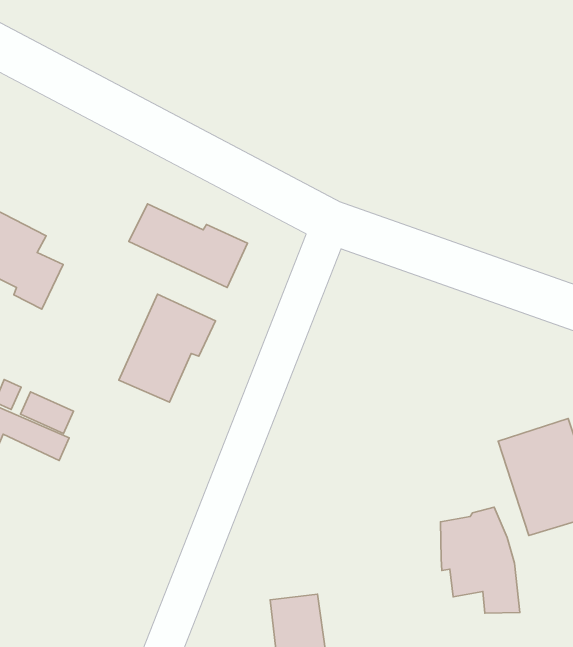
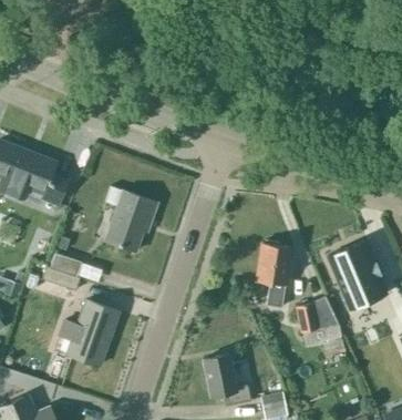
building: [129,204,248,287] -> none
building: none -> [256,242,291,308]
building: none -> [59,299,118,366]

